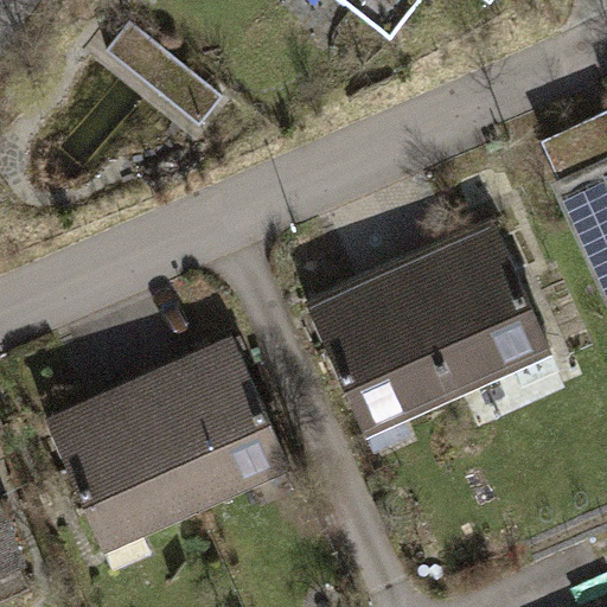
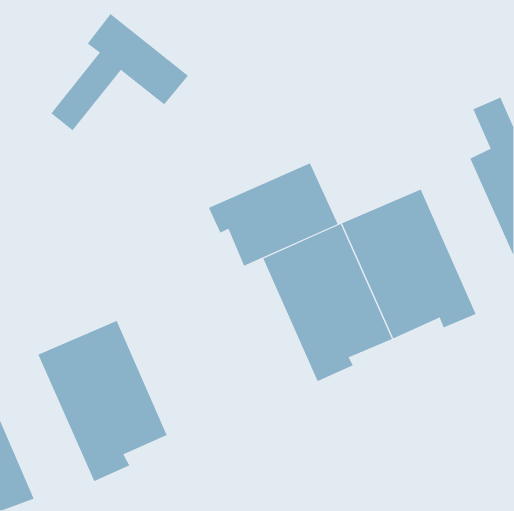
building: none -> [208,162,338,266]
building: [138,334,298,511] -> none

